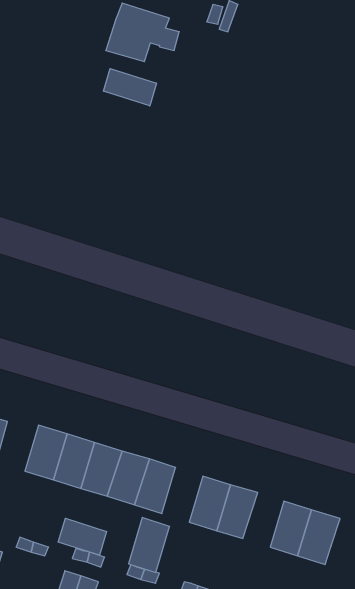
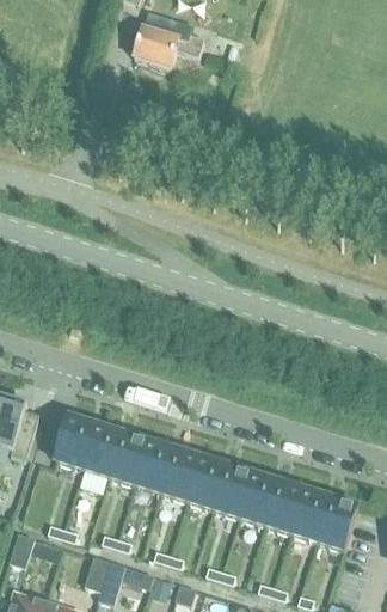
building: [104,69,156,106] -> none
building: none -> [264,481,303,533]
building: [129,518,170,572] -> [186,457,226,509]
building: [58,518,107,555] -> none

